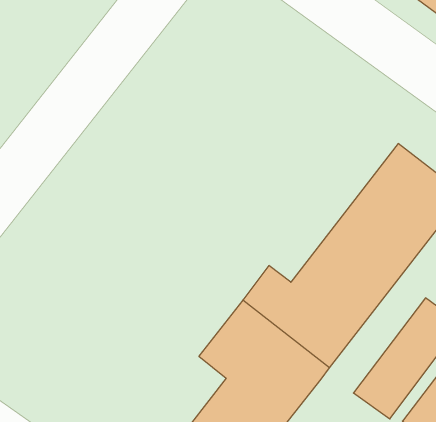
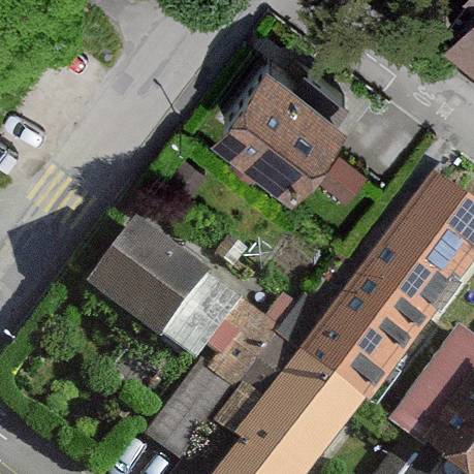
building: none -> [213,59,346,176]
building: none -> [93,223,279,388]

